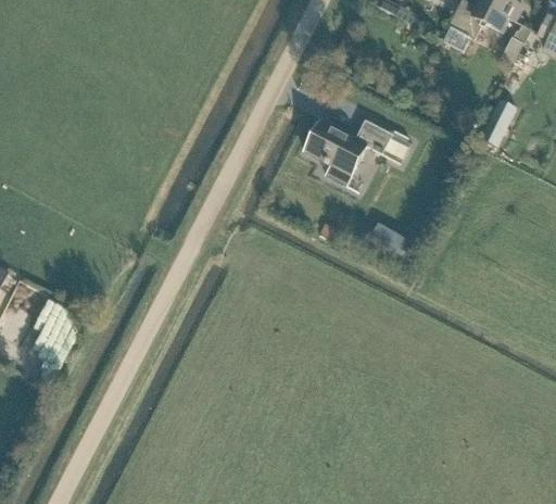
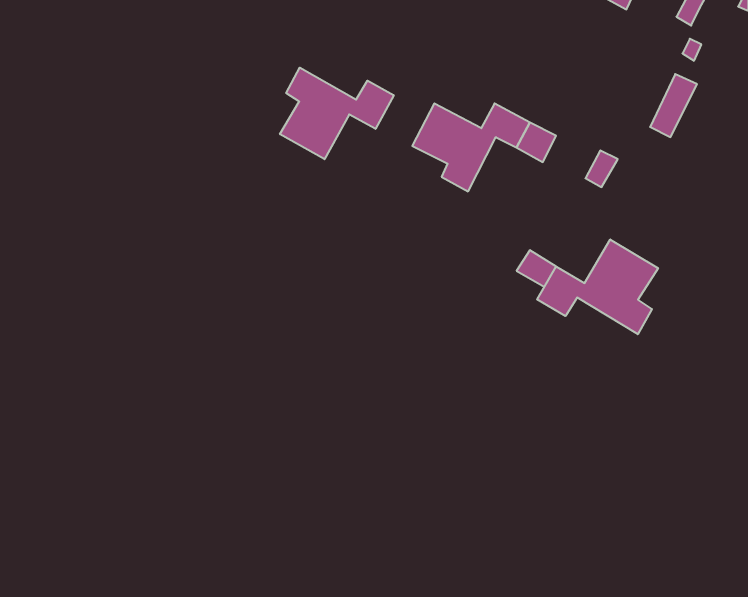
building: none -> [280,68,394,159]
building: none -> [537,239,658,334]

